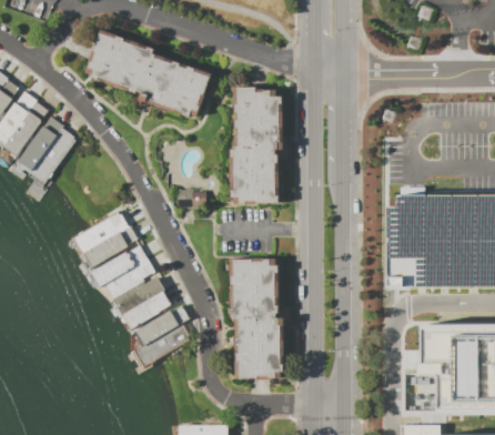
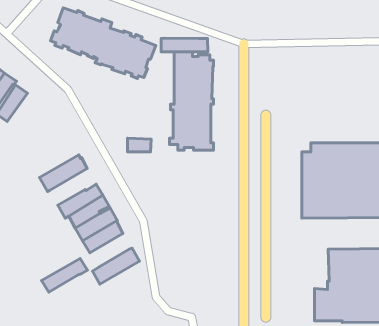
building: none -> [161,38,208,52]
building: [31,128,77,183] -> none
building: [83,226,138,269] -> none
building: [230,259,285,377] -> none
building: [135,304,191,345] -> [42,258,87,292]

